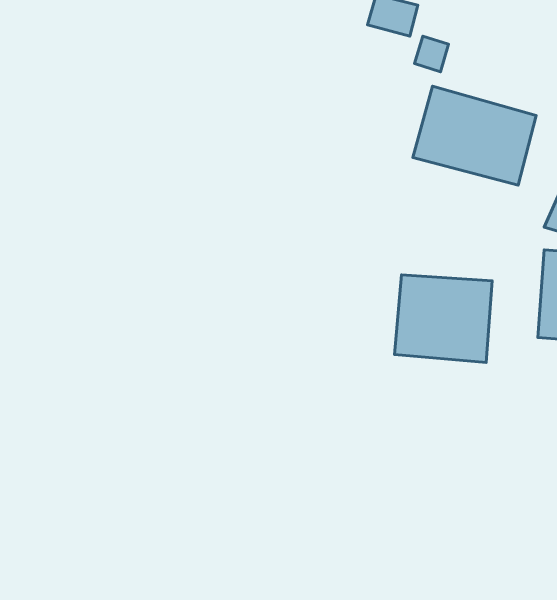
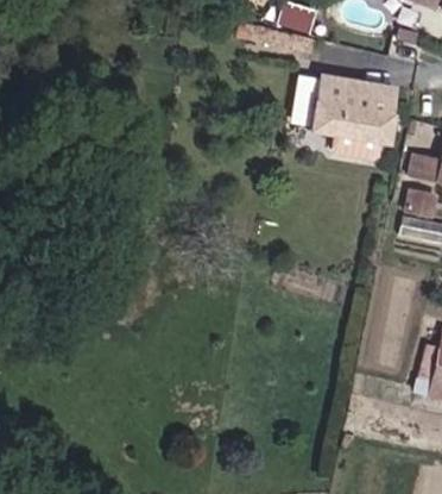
building: [395,275,492,363] -> none

